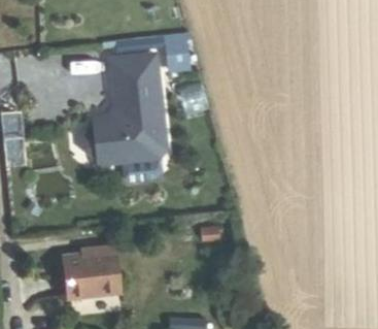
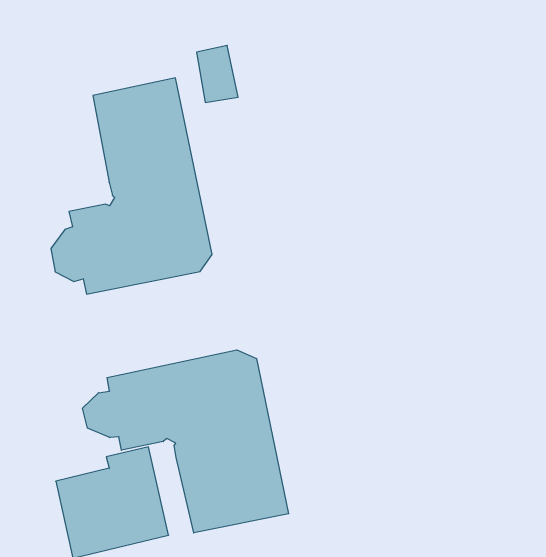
building: none -> [83,350,289,533]

